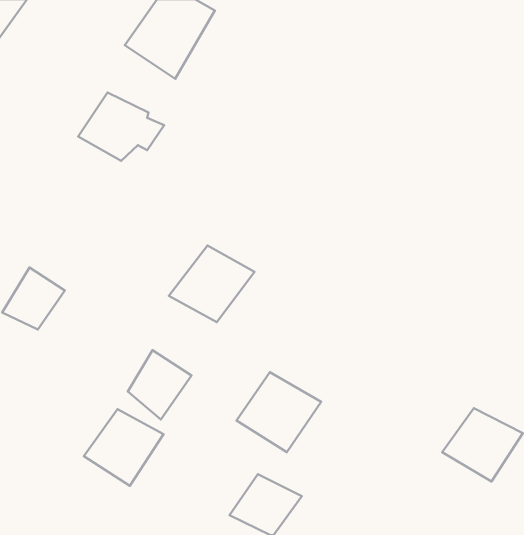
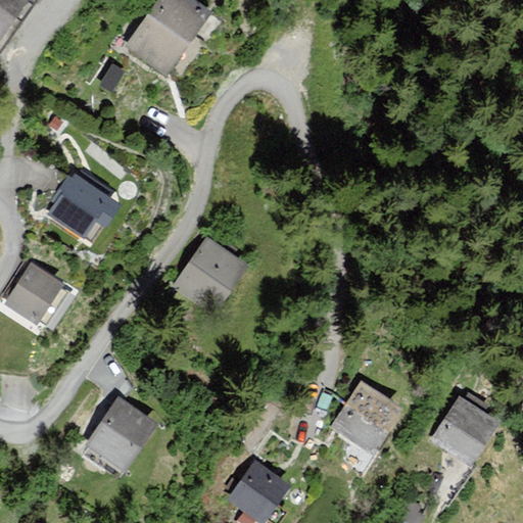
building: [78,93,164,161] -> [42,172,126,238]
building: [128,350,191,419] -> none
building: [236,372,321,452] -> [330,381,413,459]

